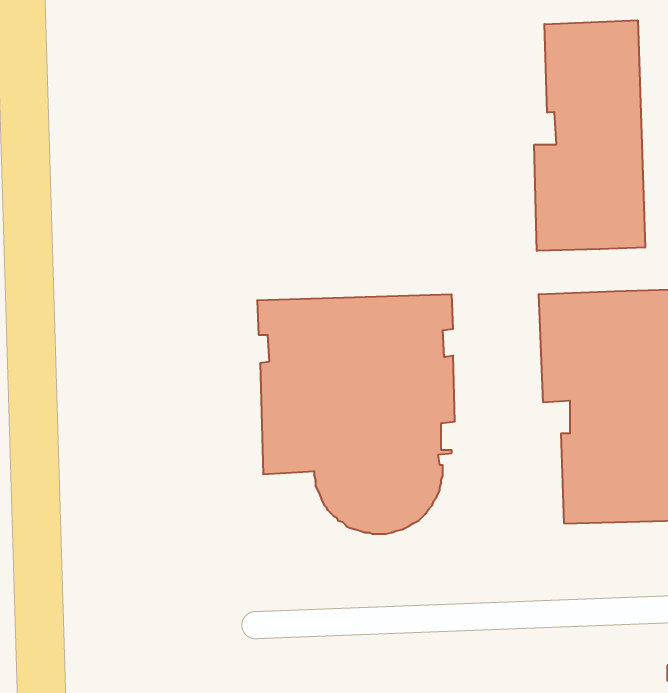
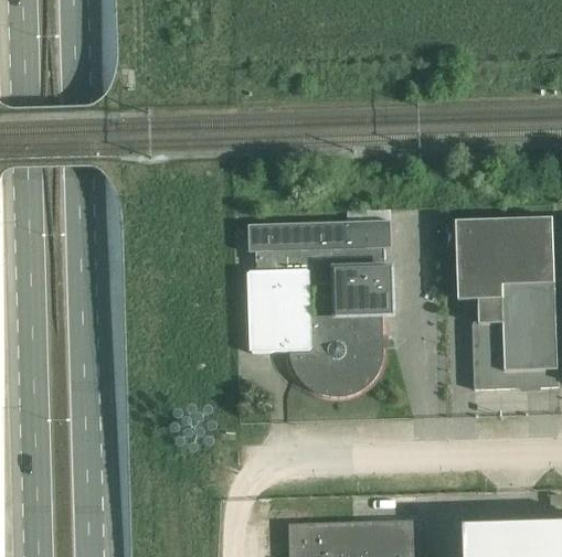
building: [534,20,645,251] -> none

